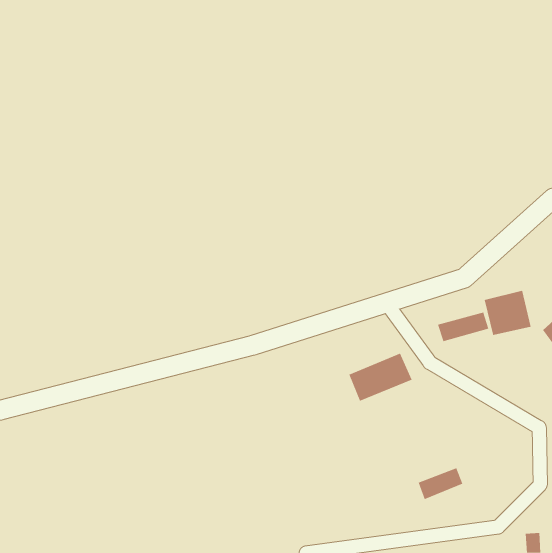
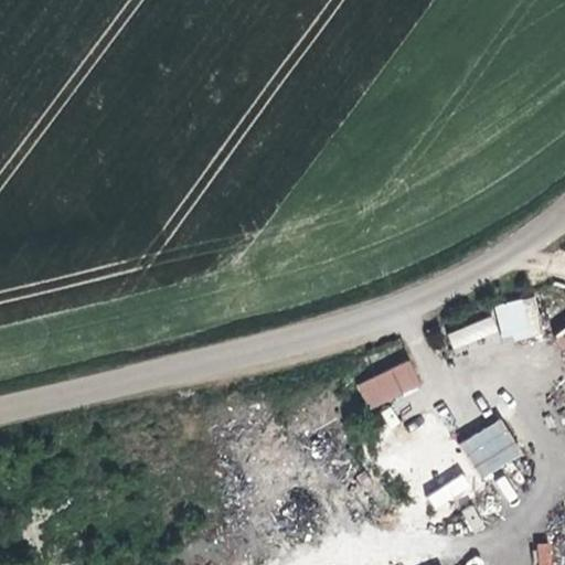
building: none -> [461,419,523,479]

